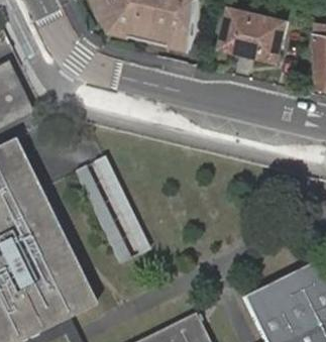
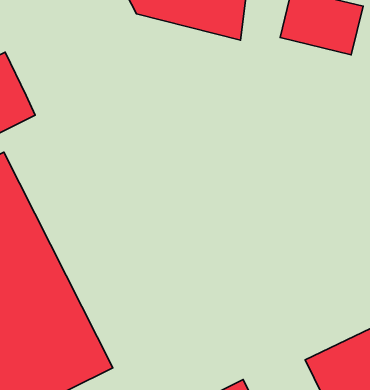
building: [83,155,149,264] -> none

